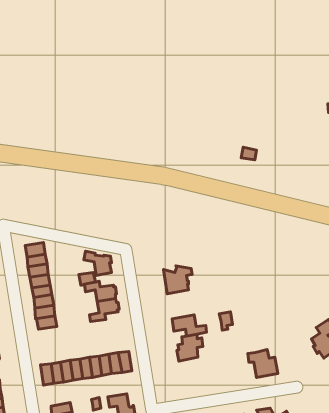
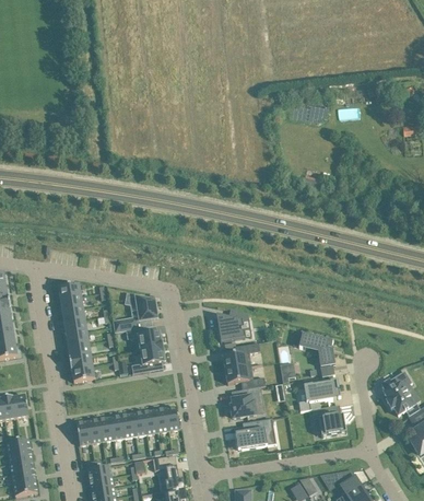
building: none -> [298,331,334,366]
building: none -> [223,341,259,369]
building: none -> [306,377,340,408]
building: none -> [235,417,273,448]

